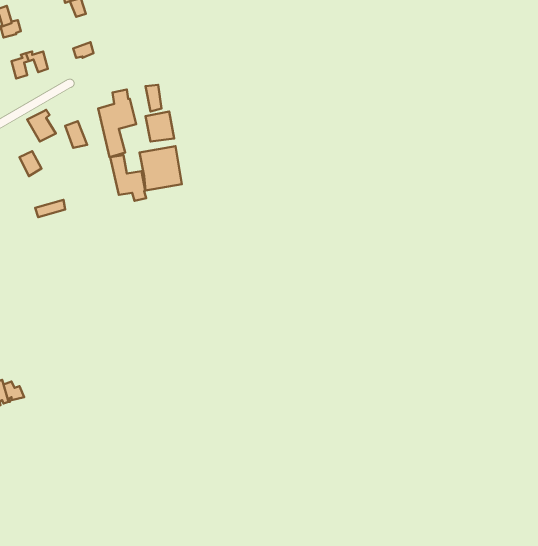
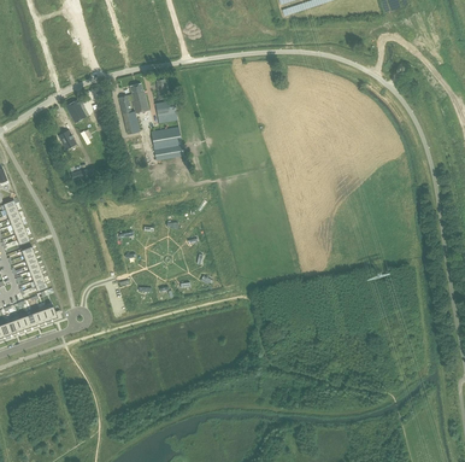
building: [110,155,146,201] -> none

